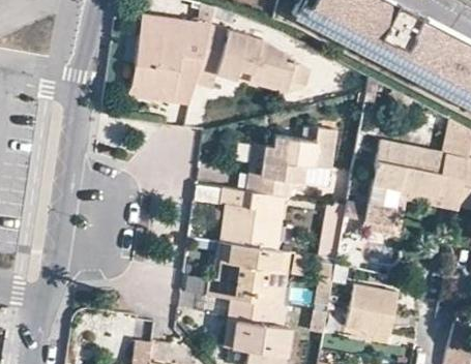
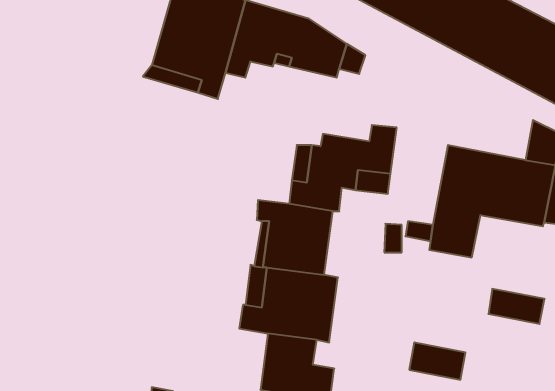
building: [352,286,399,315] -> [488,289,545,324]

